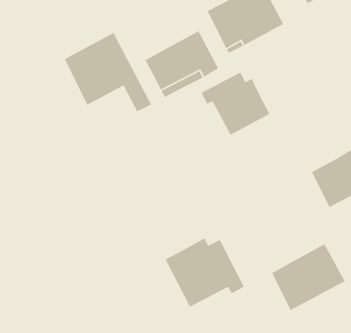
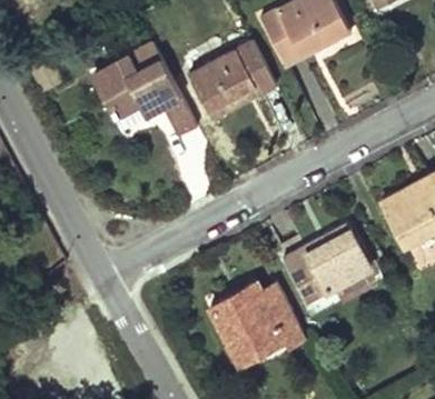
building: [201,71,270,136] -> none
building: [271,243,346,311] -> [284,225,370,303]

